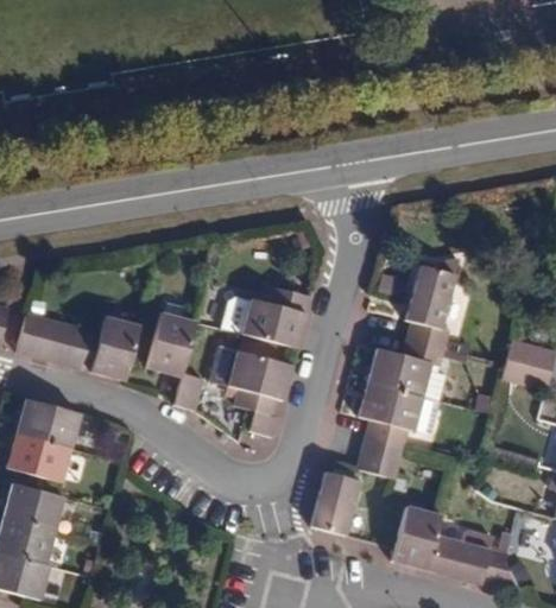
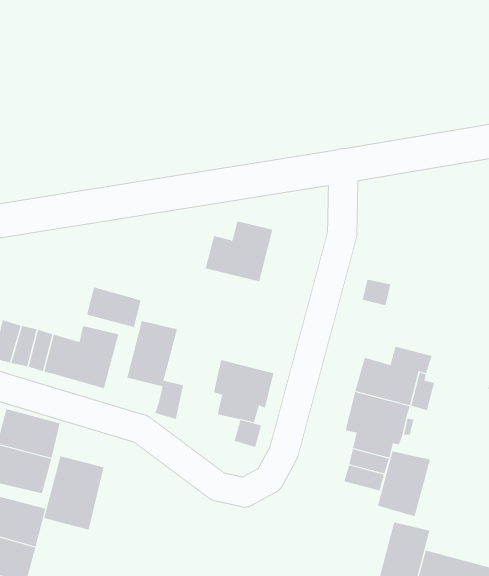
building: [406,255,460,347] -> none
building: none -> [87,286,141,328]
building: [242,286,309,346] -> [205,221,273,282]
building: none -> [43,456,104,530]
building: [310,470,362,534] -> [377,451,431,517]

